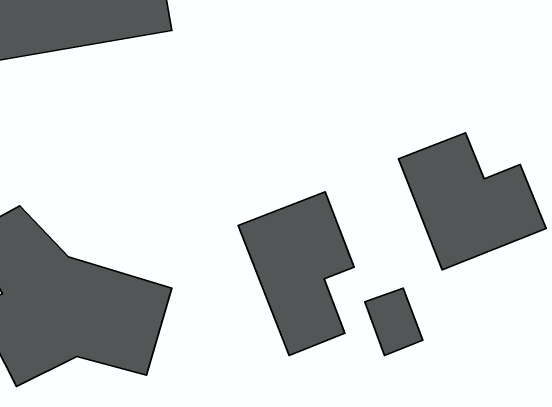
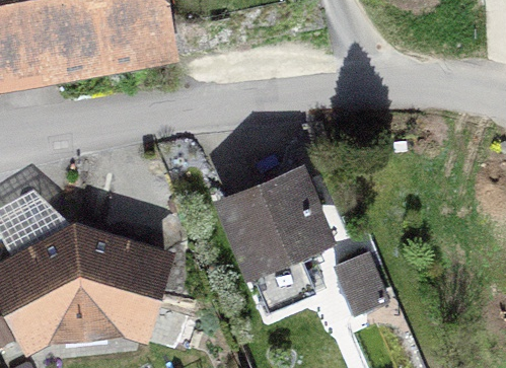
building: [398,133,546,270] -> none

